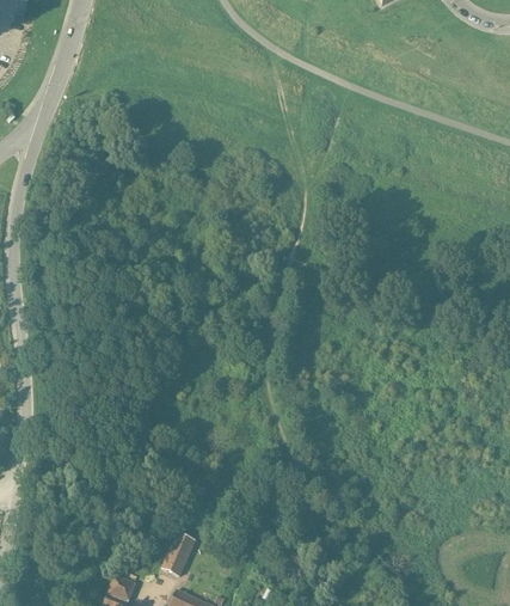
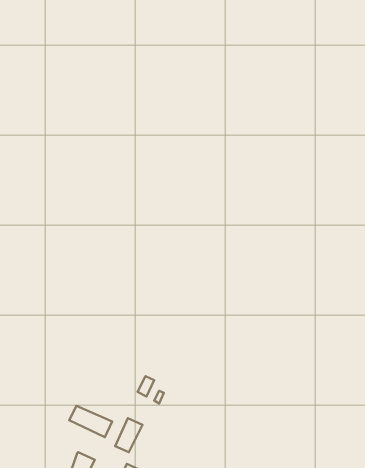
building: none -> [69,406,112,437]

